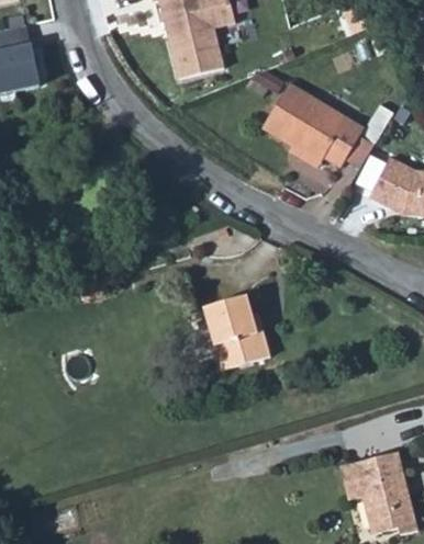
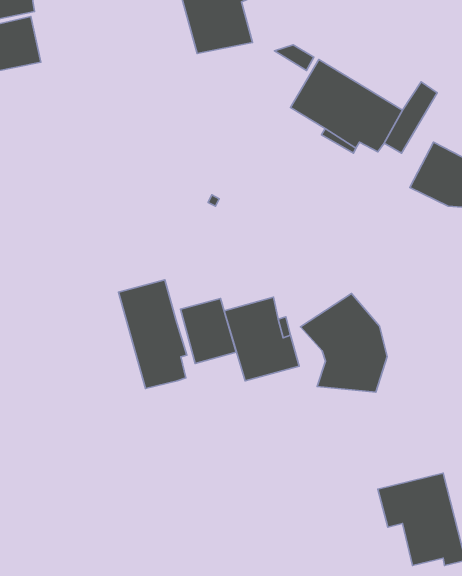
building: none -> [119,280,187,388]
building: none -> [300,293,387,392]
building: none -> [181,298,236,364]

